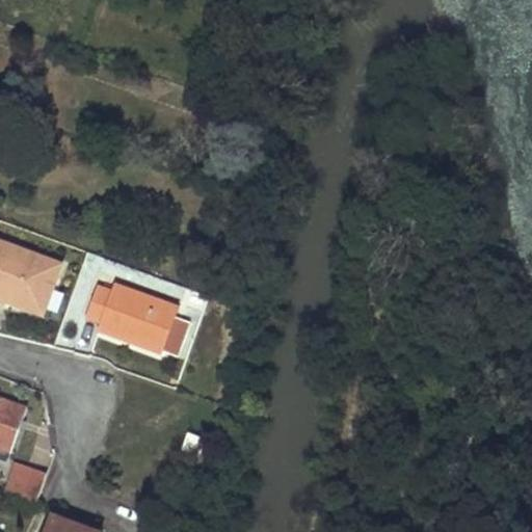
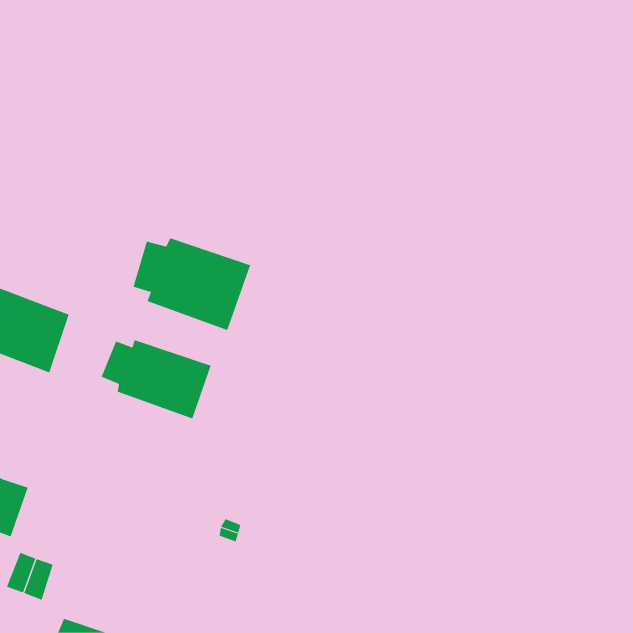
building: none -> [133,238,251,331]

